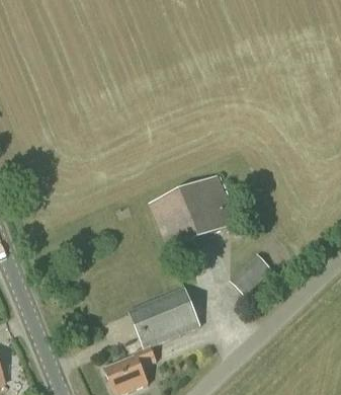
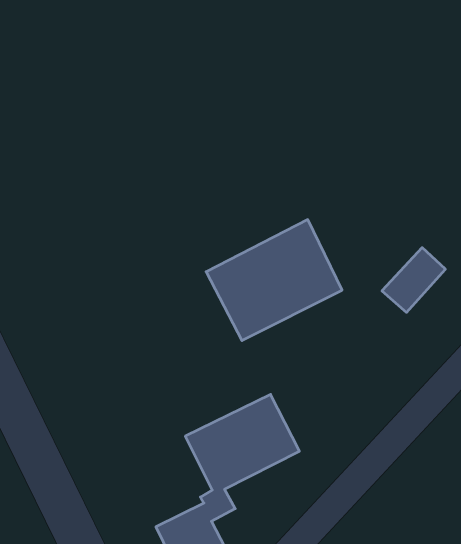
building: [229,253,271,295] -> [382,248,445,312]

